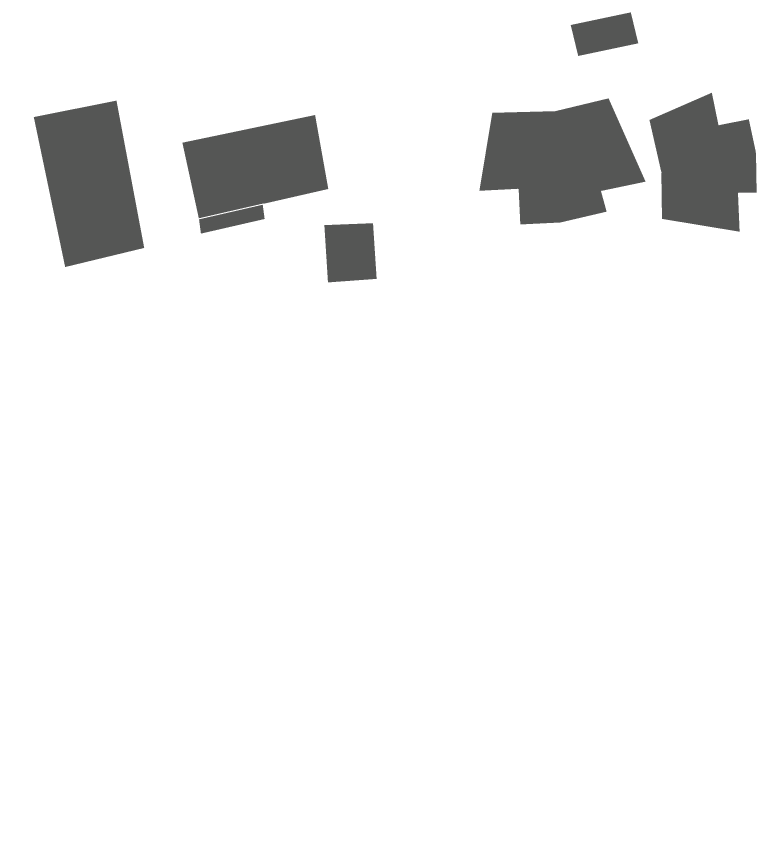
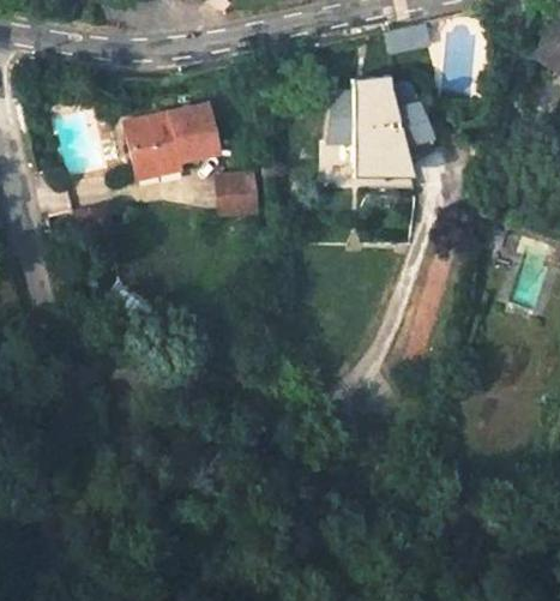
building: [649,92,757,232] -> none
building: [33,100,145,268] -> none

